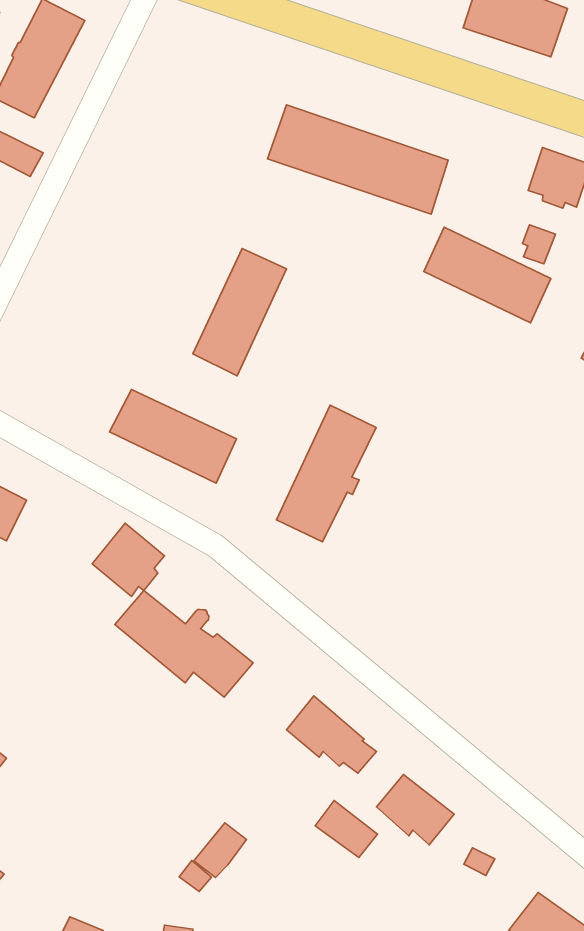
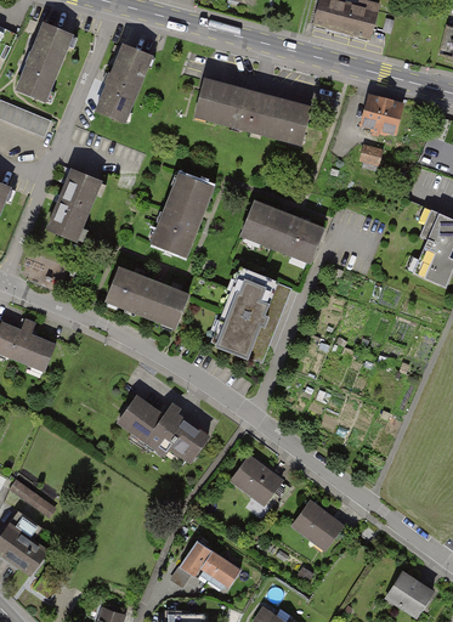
building: none -> [97,45,151,121]
building: [424,227,551,323] -> [242,202,323,259]
building: none -> [47,169,100,241]
building: [92,523,164,596] -> none
building: [315,801,377,858] -> [200,550,240,586]

